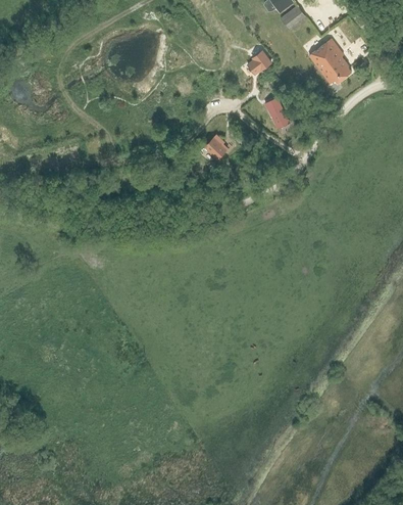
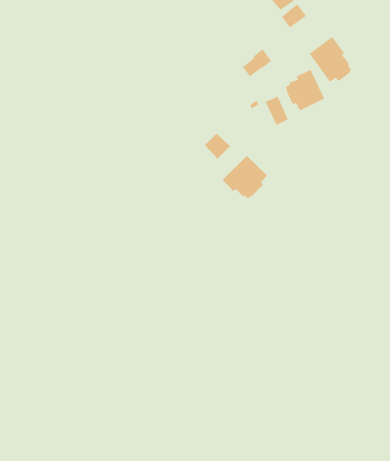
building: none -> [285,69,325,111]
building: none -> [222,155,268,199]

